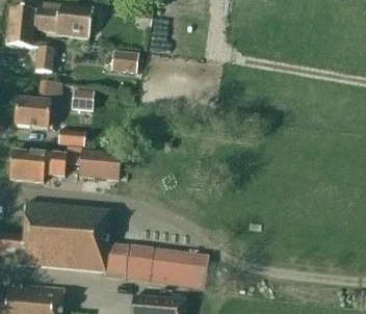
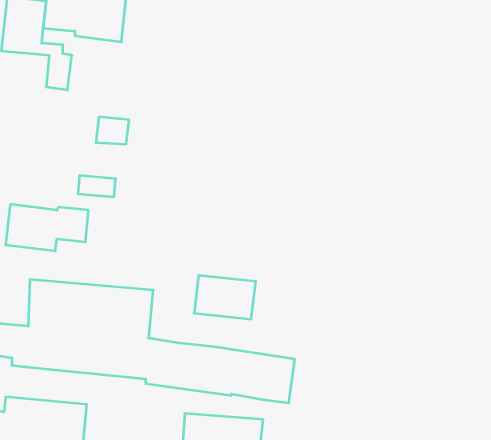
building: [111,50,138,74] -> none
building: [15,81,60,127] -> none
building: [78,150,121,180] -> [194,275,256,319]

